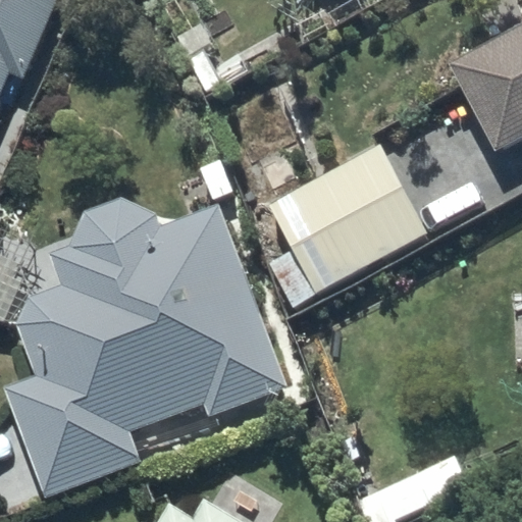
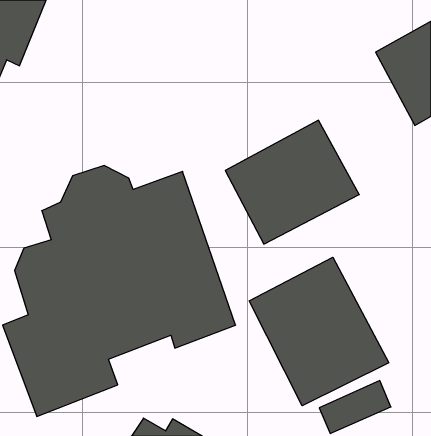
building: none -> [249,257,389,406]

